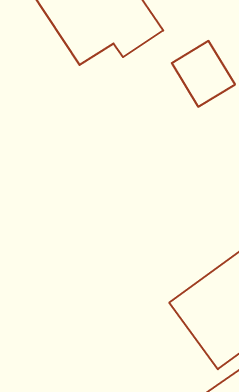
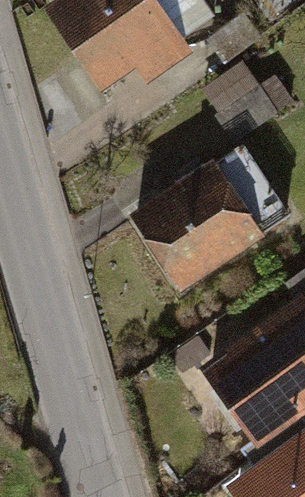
building: none -> [133,162,263,289]

